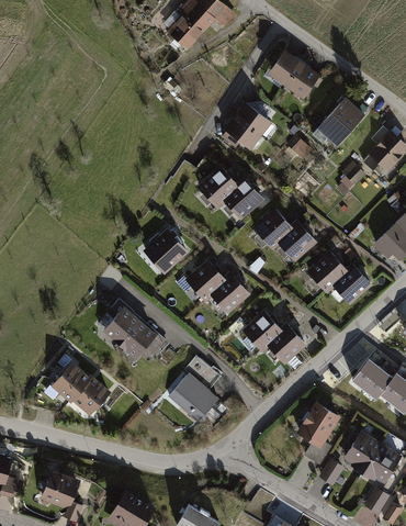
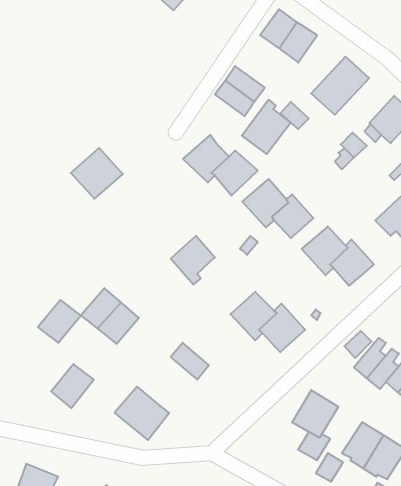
building: none -> [242,100,291,154]
building: [139,227,188,275] -> [71,148,123,199]
building: [207,270,249,314] -> none
building: [54,362,93,402] -> [38,300,81,343]
building: [166,373,216,423] -> [115,387,169,440]

